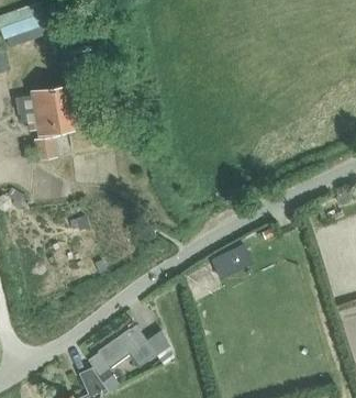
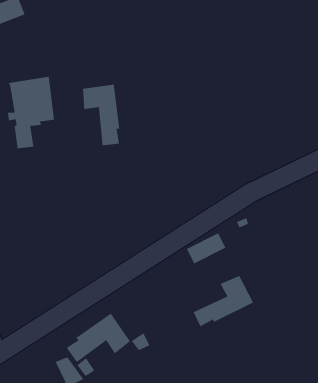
building: none -> [83,84,120,146]
building: none -> [193,275,254,327]

